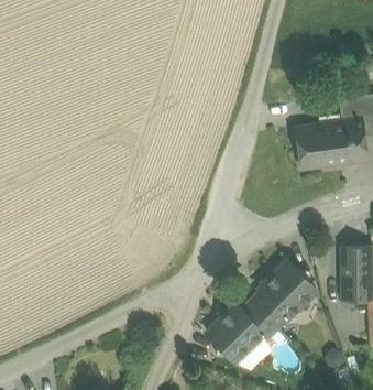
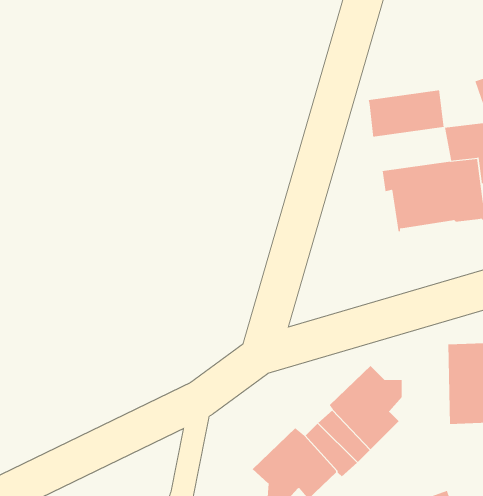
building: none -> [368,90,444,137]

